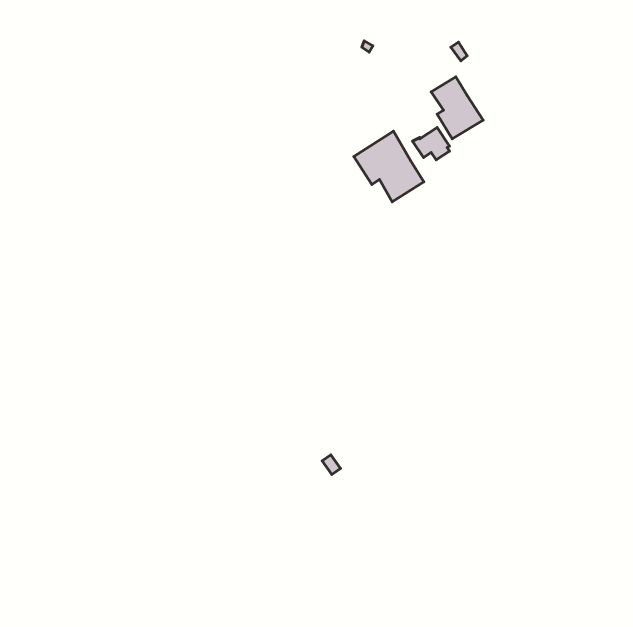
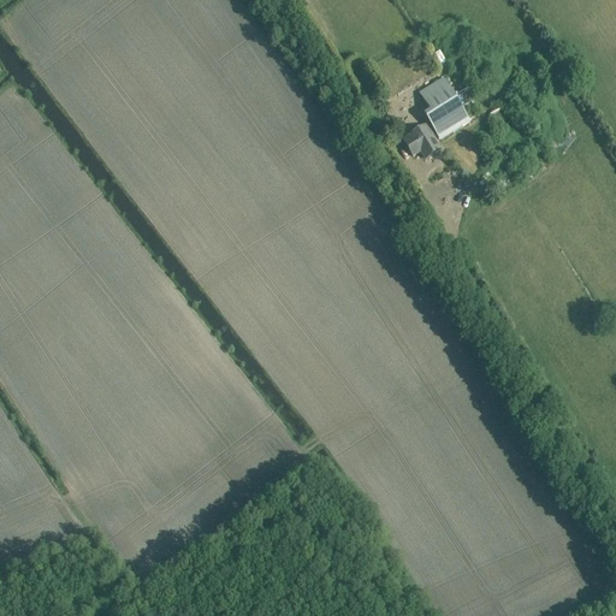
building: [354,131,424,202] -> none

